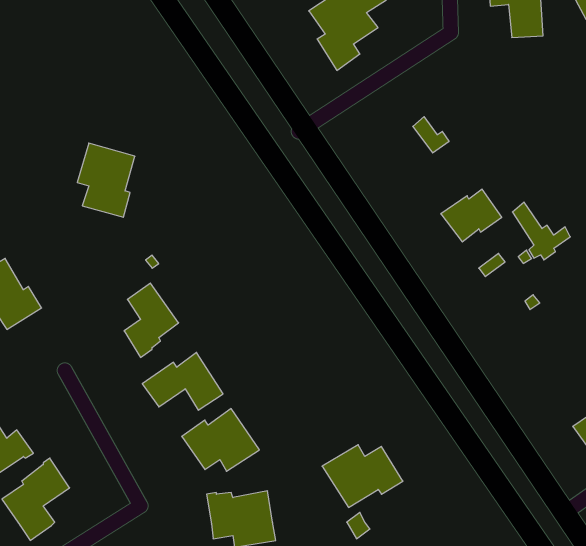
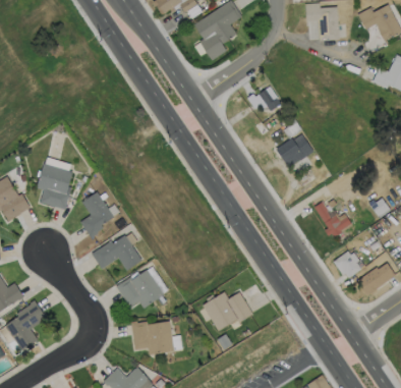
building: [77,143,135,217] -> [37,164,72,210]
building: [512,202,570,260] -> [314,202,350,237]
building: none -> [333,252,361,278]

